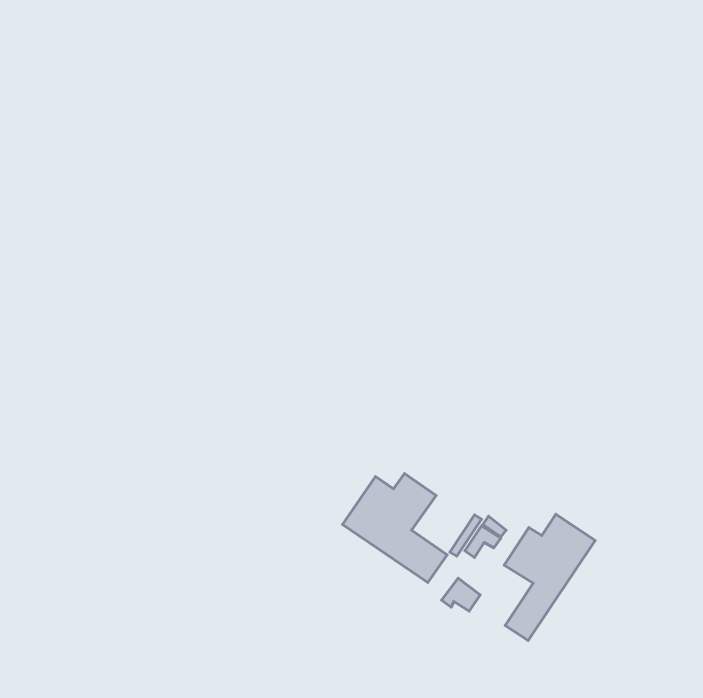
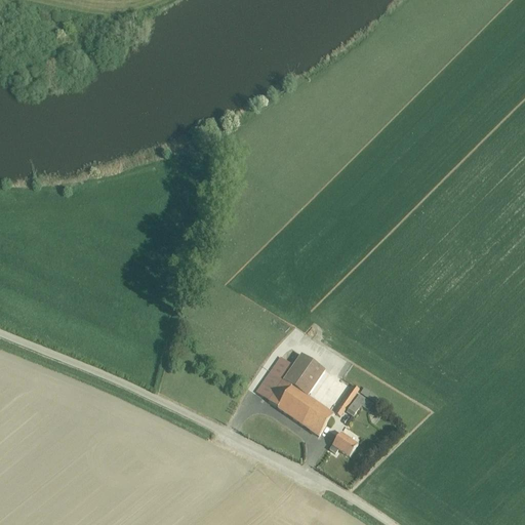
building: [504,514,595,640] -> none

